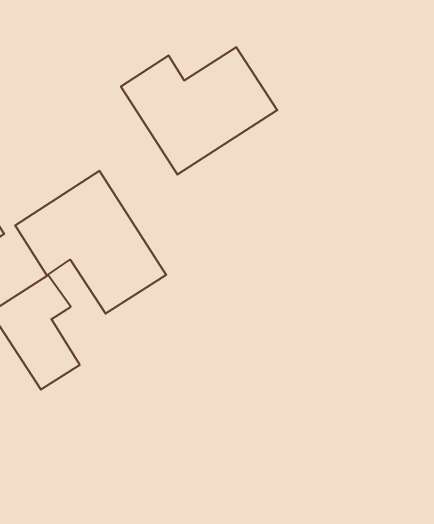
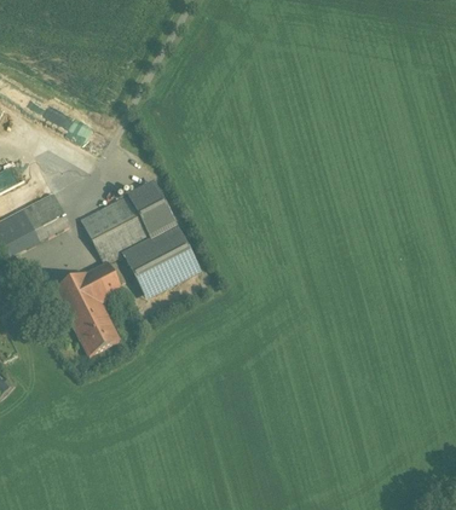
building: [121,47,277,175] -> none

